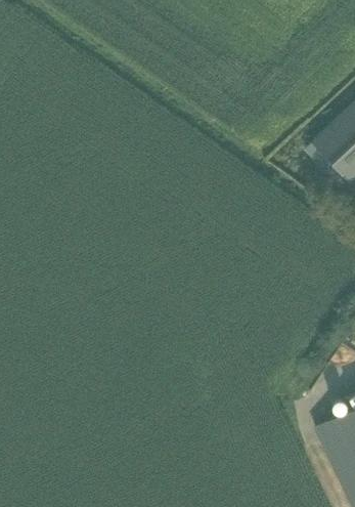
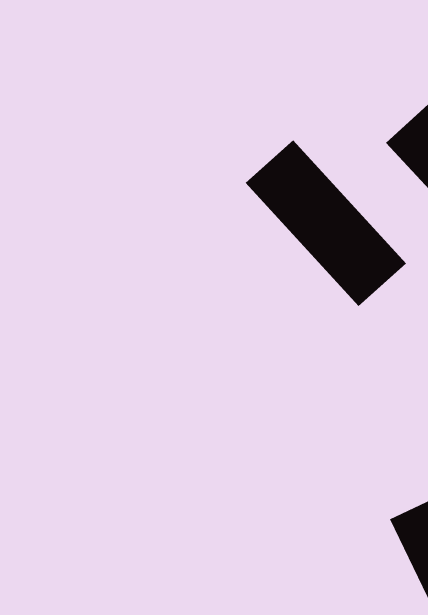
building: none -> [245,140,407,307]

